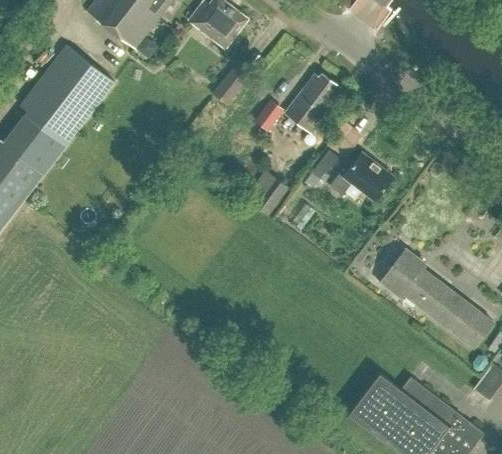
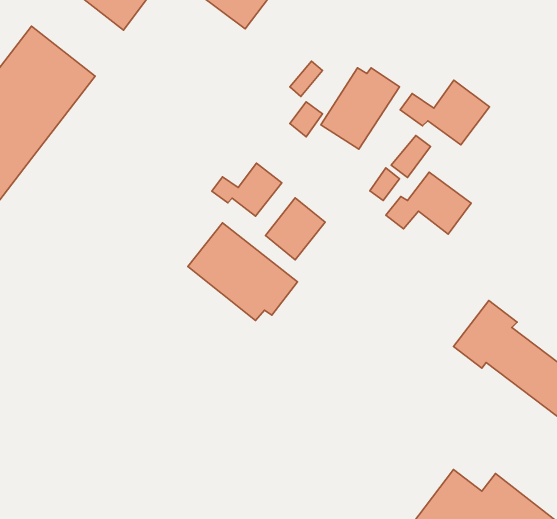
building: [214,63,250,102] -> none
building: none -> [400,80,489,145]
building: none -> [212,163,282,216]
building: none -> [188,223,297,320]

